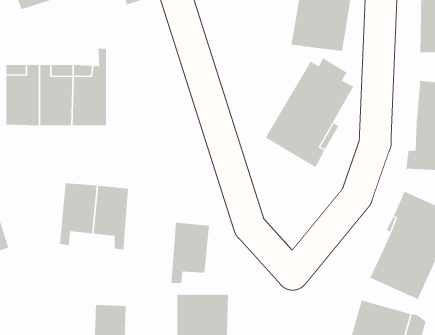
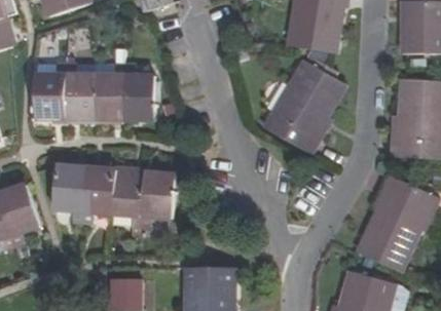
building: none -> [124,65,154,119]
building: none -> [52,165,87,223]
building: [170,222,210,284] -> [140,173,175,228]

